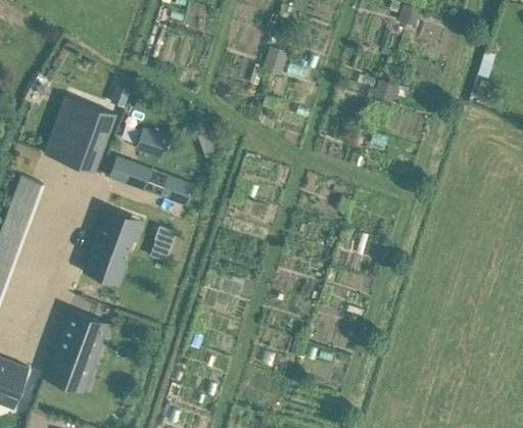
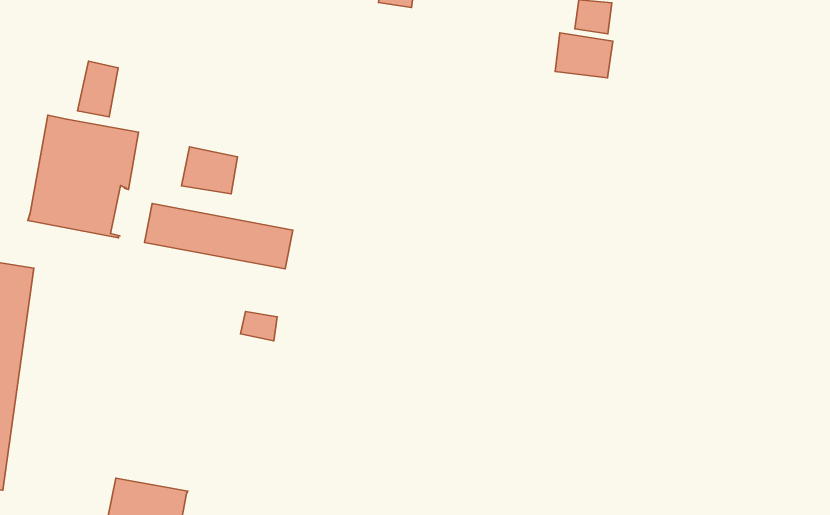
building: none -> [77,61,118,117]
building: none -> [555,33,613,78]
building: [85,211,139,281] -> none

